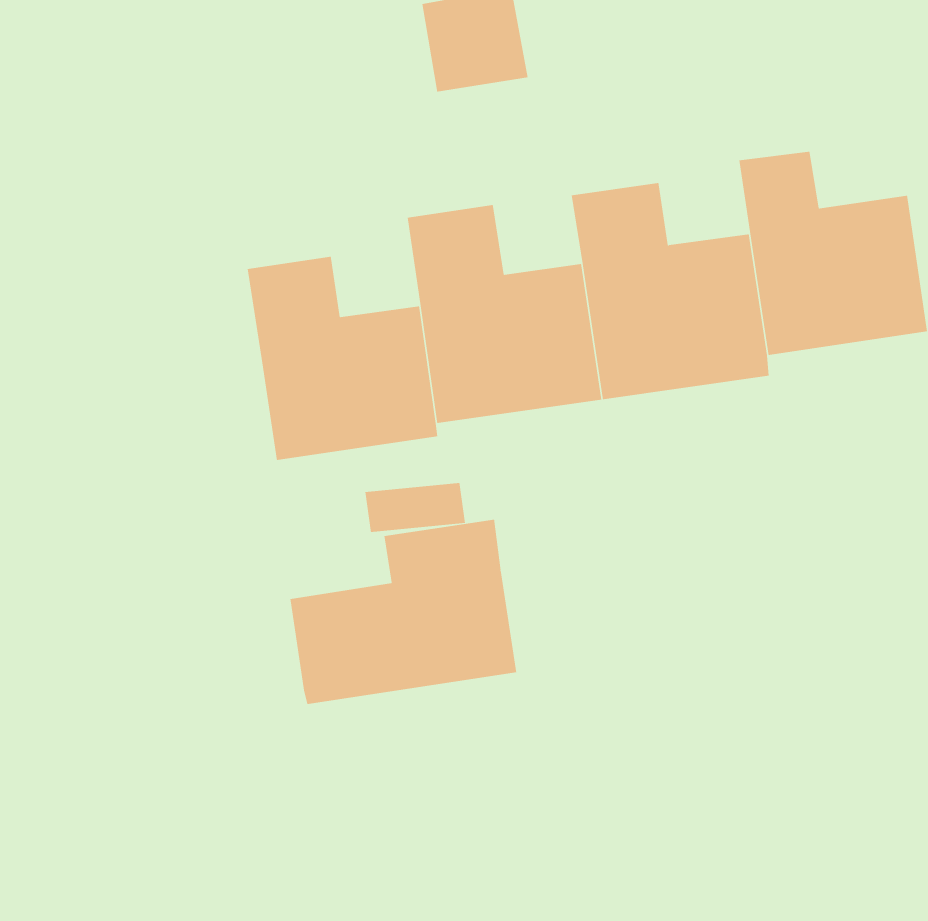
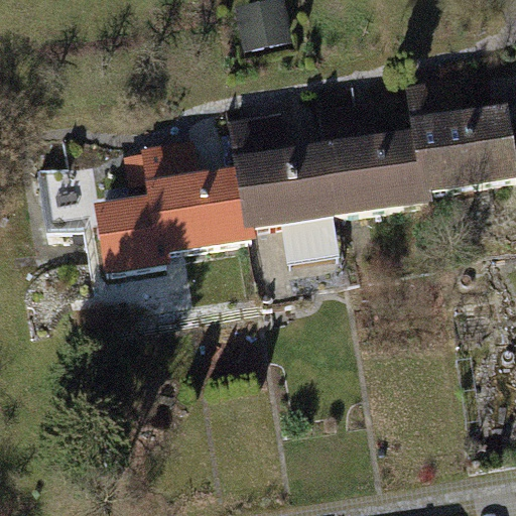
building: none -> [93,199,159,271]
building: [290,519,517,705] -> none

